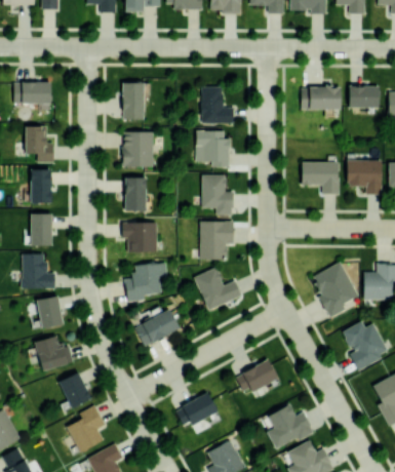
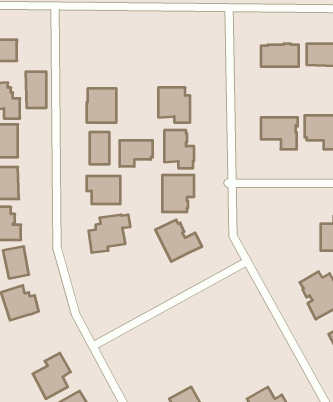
building: [122,83,144,120] -> [26,72,46,108]
building: [200,87,234,123] -> none
building: none -> [120,140,153,167]
building: [313,262,358,318] -> none
building: [134,309,180,347] -> none
building: [236,359,278,393] -> none
building: [58,372,91,408] -> none
building: [175,393,218,426] -> none
building: [267,404,314,449] -> none

